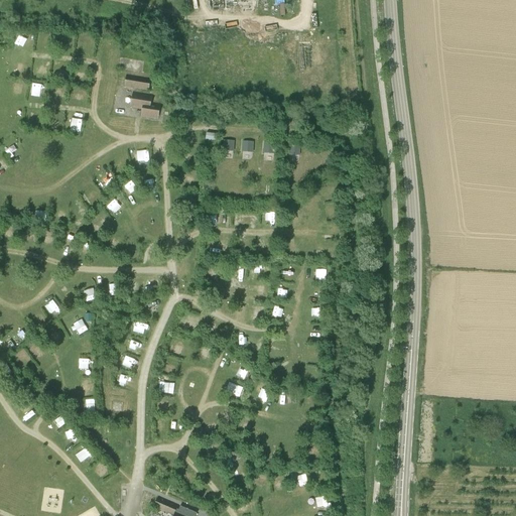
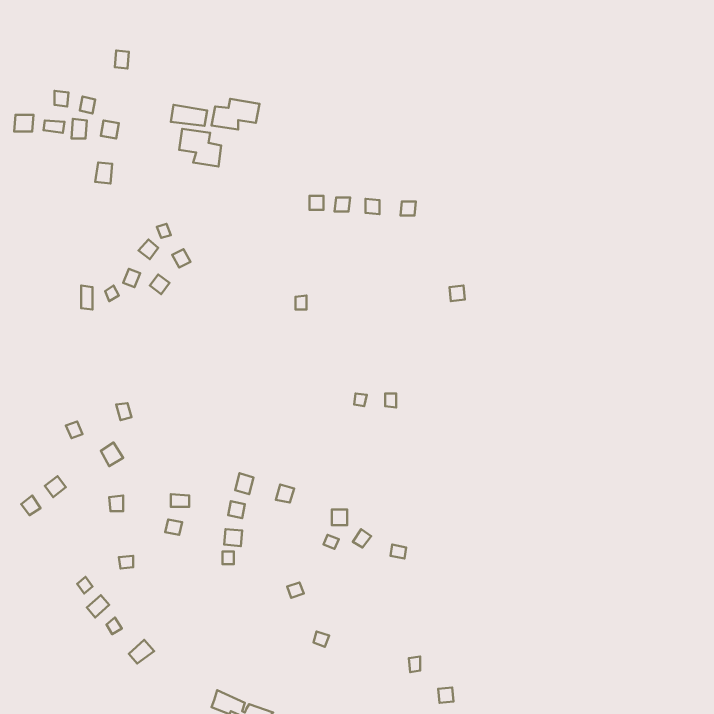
building: none -> [212,99,260,130]

